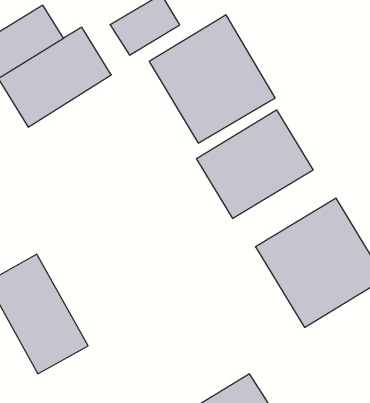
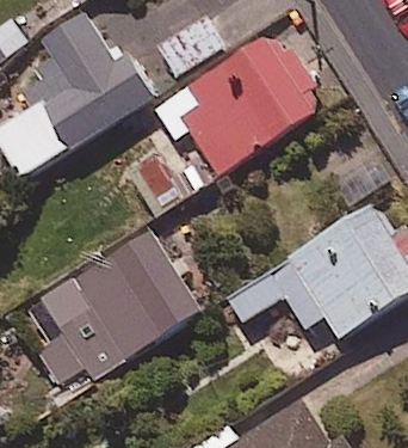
building: [197,110,313,219] -> none
building: none -> [80,232,204,363]

